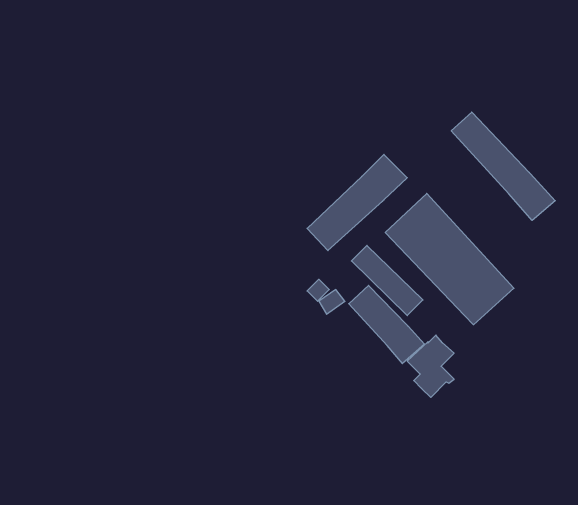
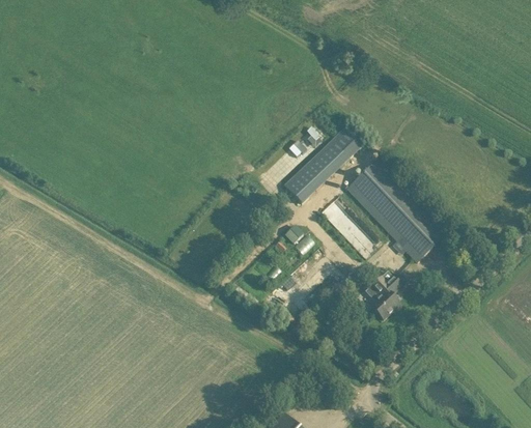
building: [451,112,555,220] -> none
building: [349,285,425,364] -> none

